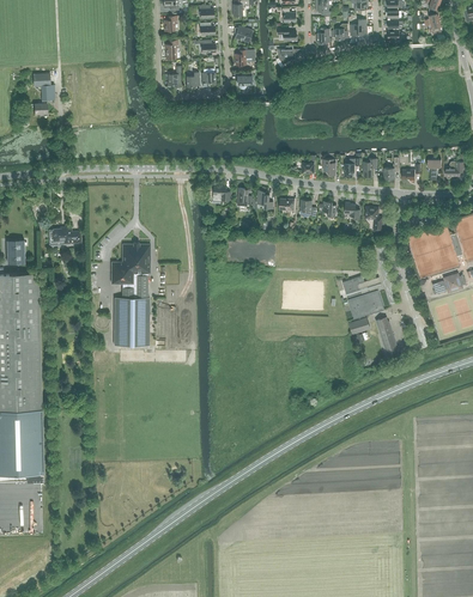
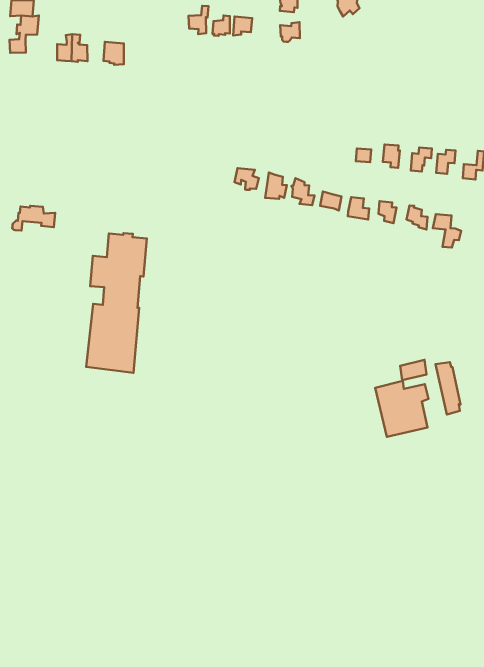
building: [341,276,383,319] -> [375,381,428,437]

